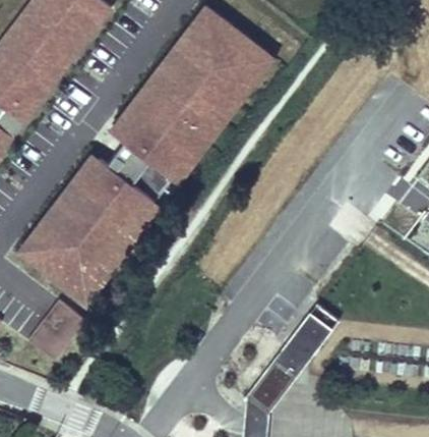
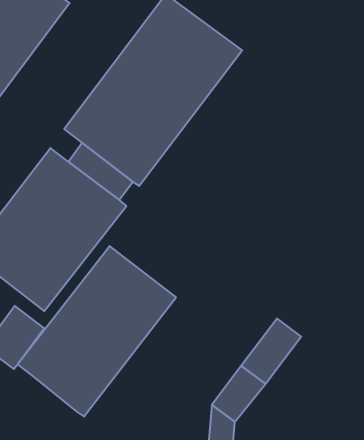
building: none -> [18,246,176,417]

